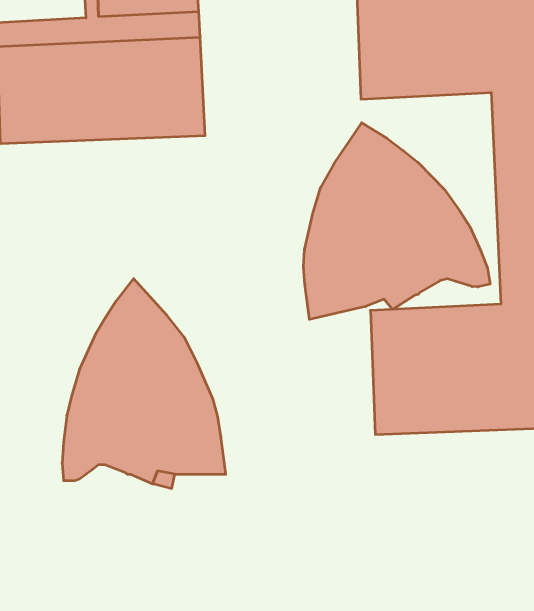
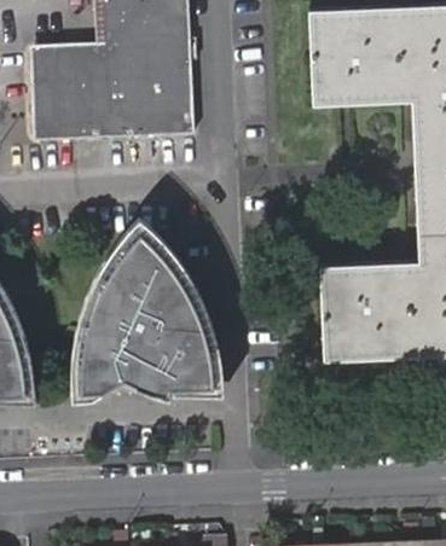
building: [304,123,490,319] -> none

